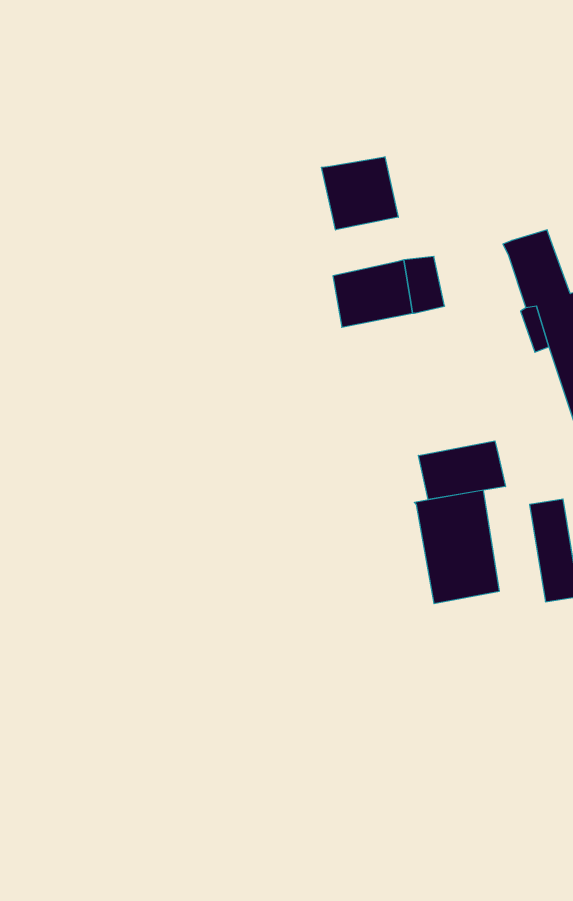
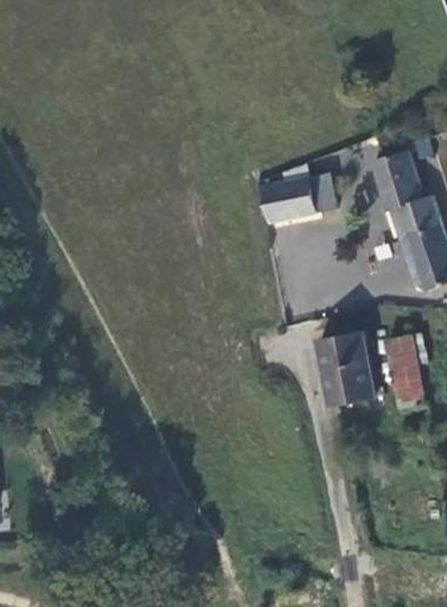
building: [321,157,398,230] -> none
building: [418,441,505,500] -> none

